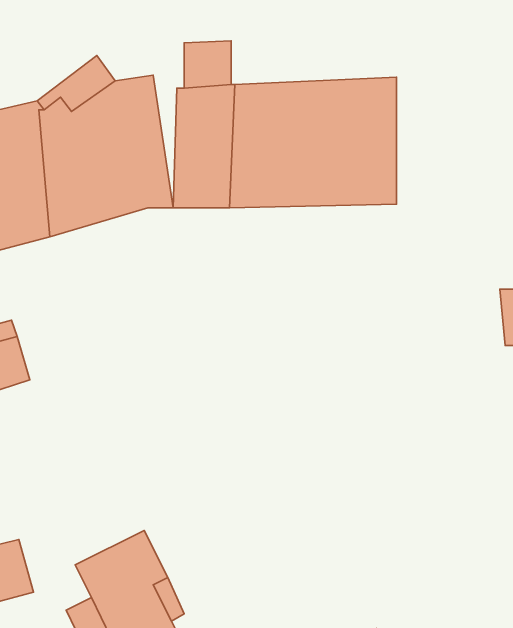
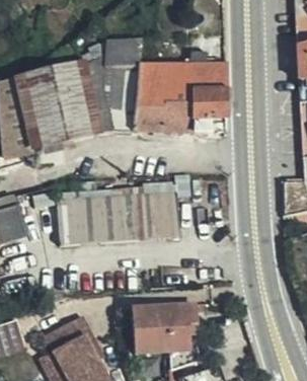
building: none -> [55,192,179,244]
building: none -> [134,300,198,357]

